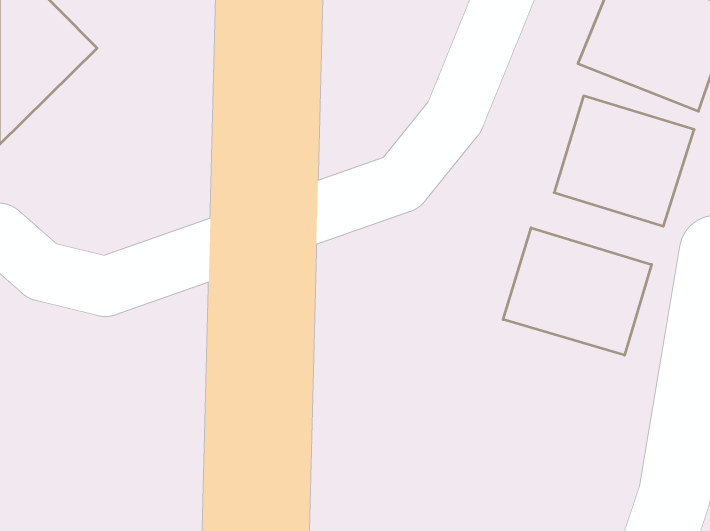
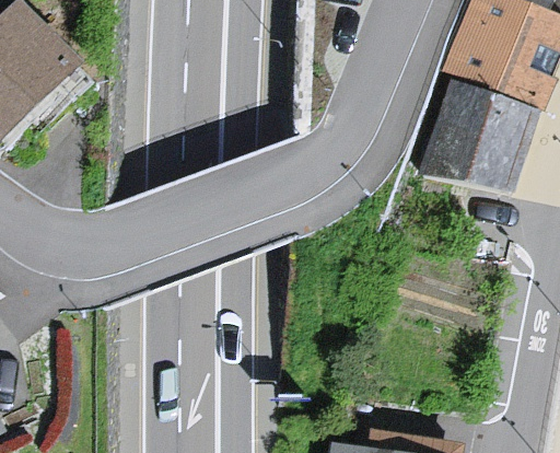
building: [503,228,652,355] -> none

